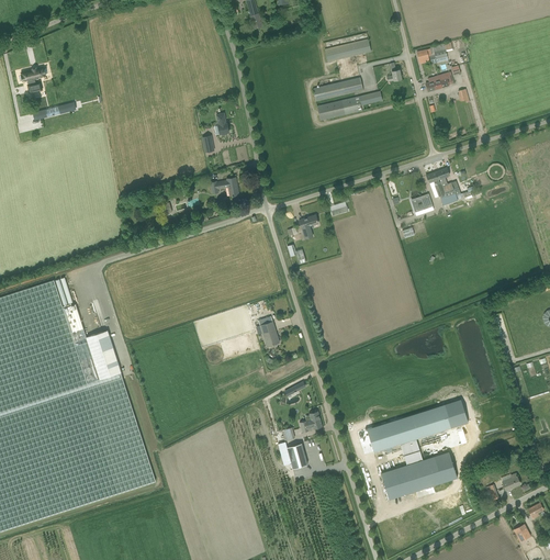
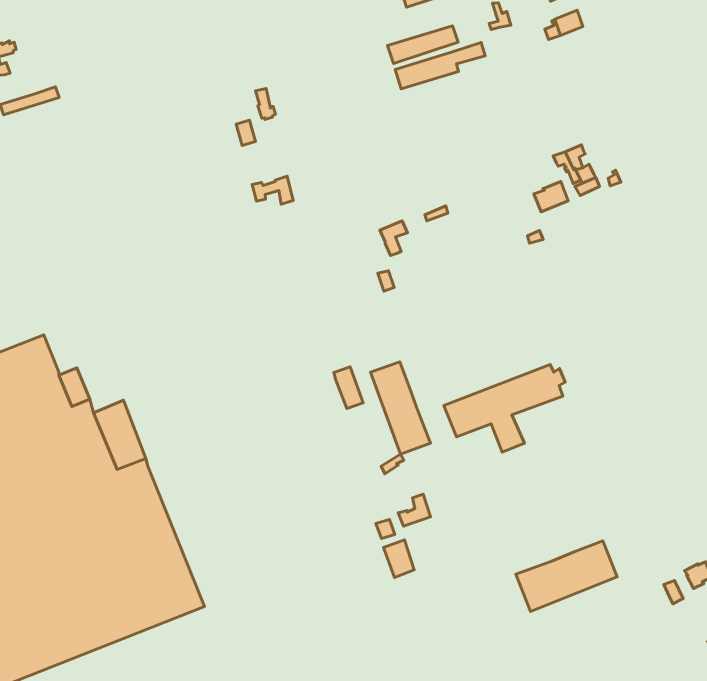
building: none -> [371,362,431,454]
building: [367,404,454,464] -> [444,365,565,452]

